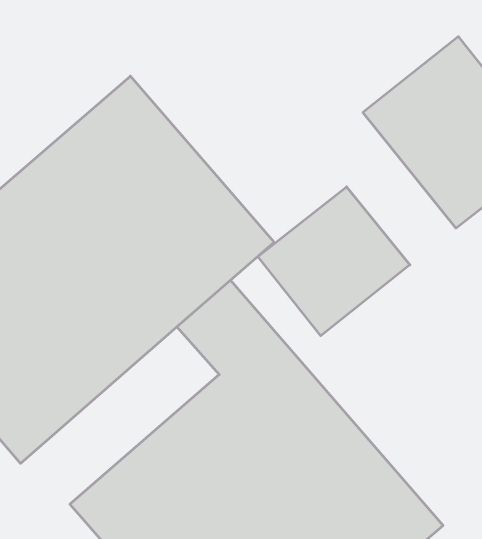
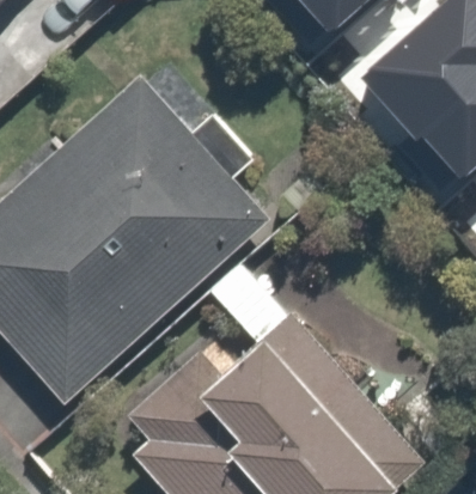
building: [258,187,410,336] -> none

